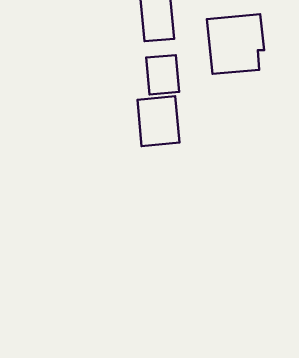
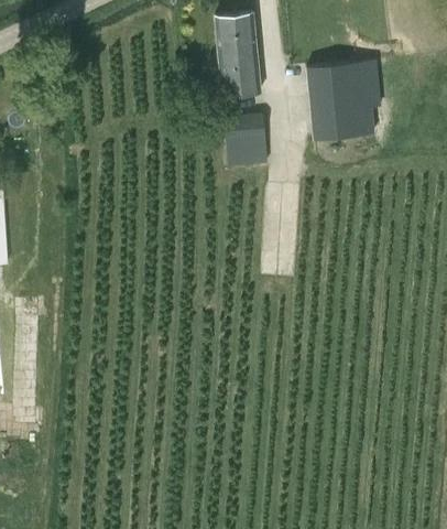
building: [138,96,179,146] -> none

